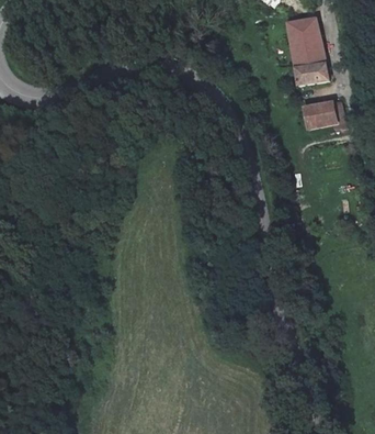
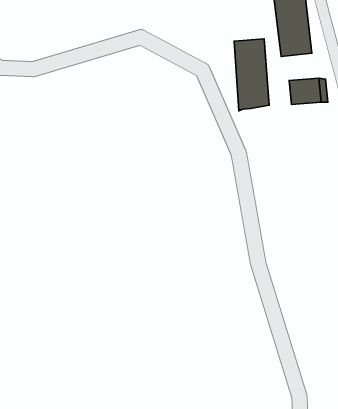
building: none -> [234,39,269,111]

